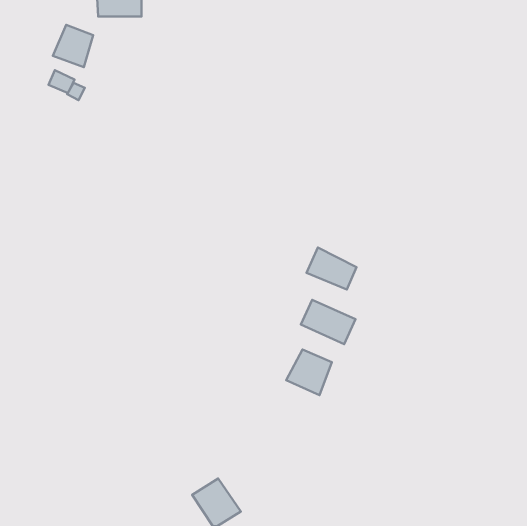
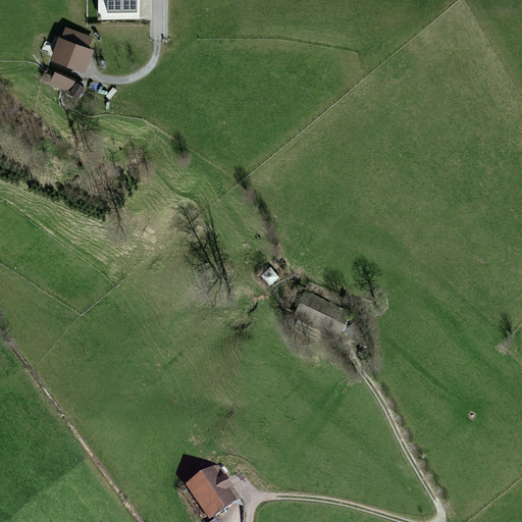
building: [307,248,356,289] -> none
building: [286,350,332,395] -> none

